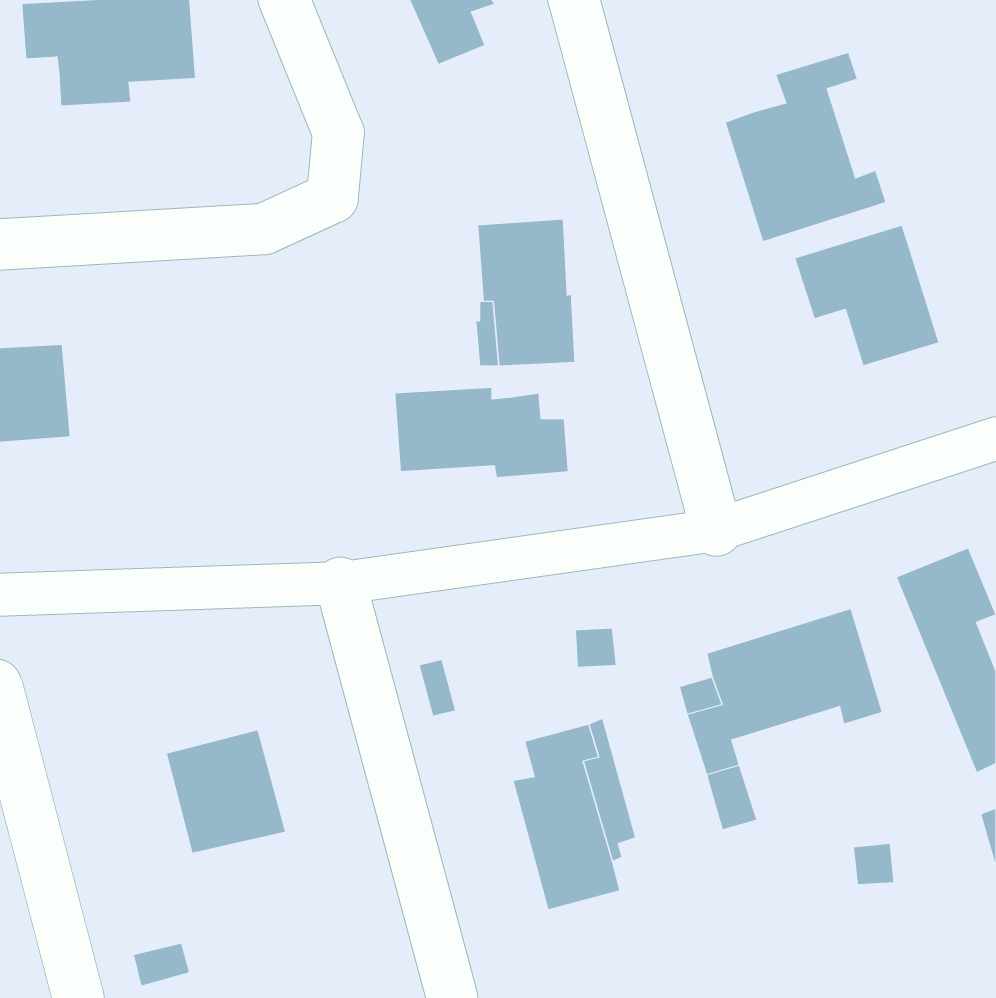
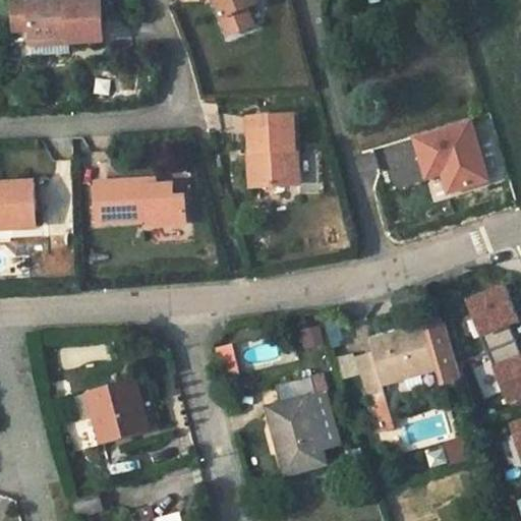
building: [725,52,886,242] -> none
building: [394,387,569,477] -> [95,179,185,226]

